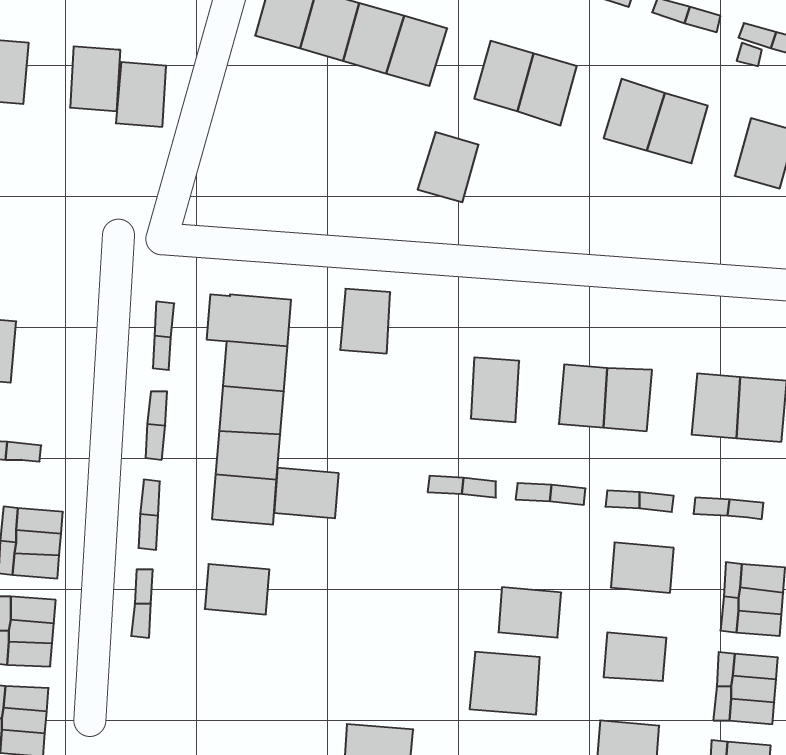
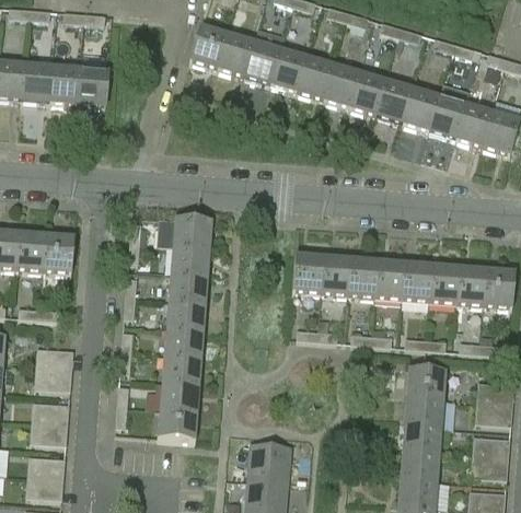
building: [116,62,166,127] -> [49,65,80,104]
building: none -> [377,79,414,123]
building: none -> [456,103,493,145]
building: [418,132,479,202] -> [297,56,334,98]
building: [340,289,390,353] -> [293,254,324,293]
building: none -> [42,234,73,273]
building: none -> [349,258,379,296]
building: none -> [429,264,460,303]
building: [274,468,339,518] -> [162,354,201,385]
building: [498,587,561,638] -> [405,396,443,427]
building: none -> [158,409,197,440]
building: [470,652,540,715] -> [246,444,289,482]
building: none -> [401,451,439,480]

